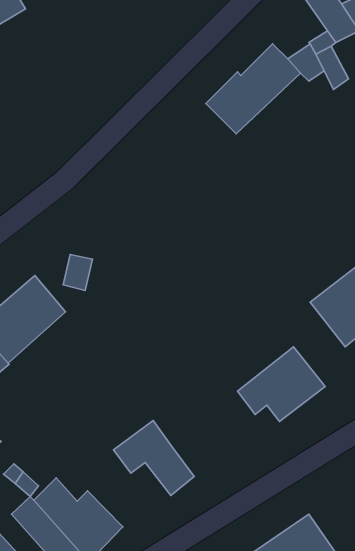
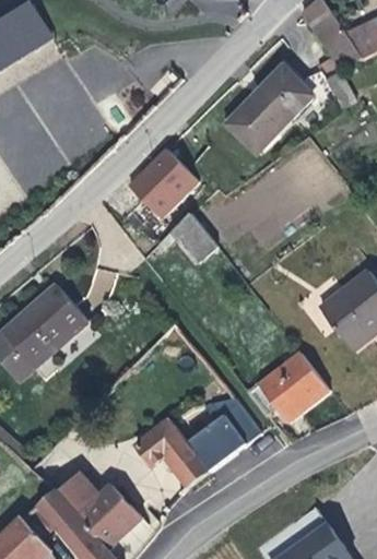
building: none -> [125,143,200,218]
building: none -> [170,212,219,264]
building: none -> [188,415,247,473]

